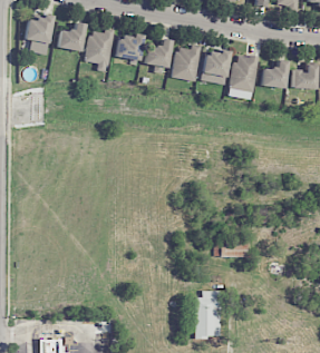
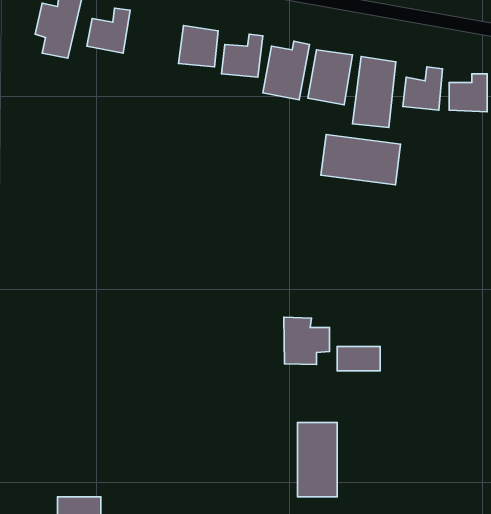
building: [86,28,114,71] -> none
building: none -> [321,135,401,185]
building: none -> [284,317,330,364]

